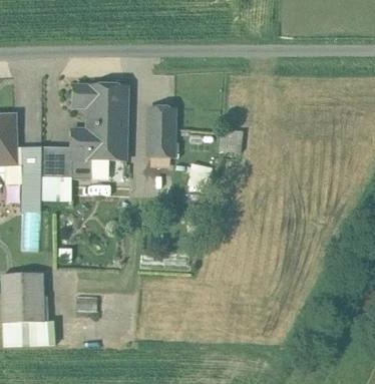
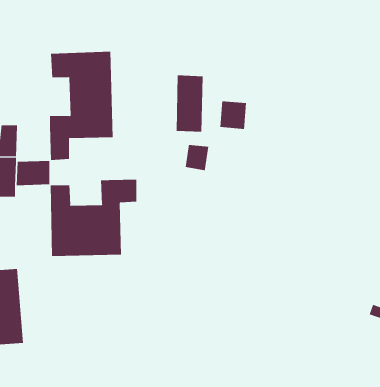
building: [149,104,173,154] -> [176,75,203,132]
building: [42,147,71,178] -> none
building: none -> [50,179,137,257]

